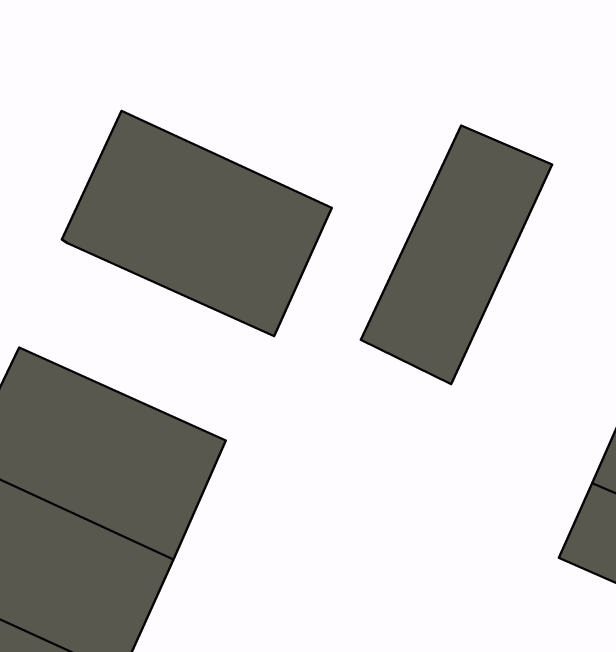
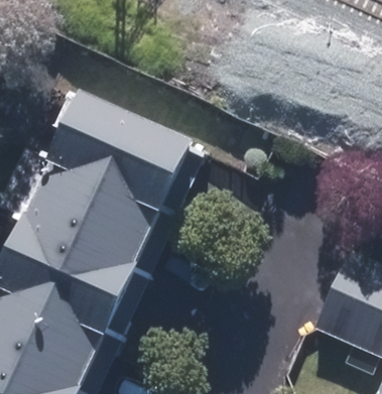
building: [361,125,552,384] -> none
building: none -> [22,161,160,268]

